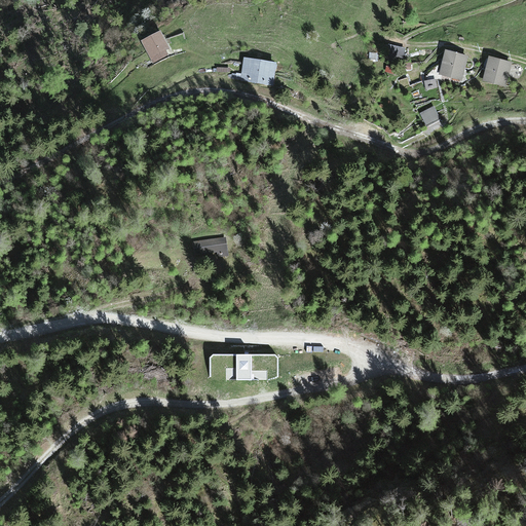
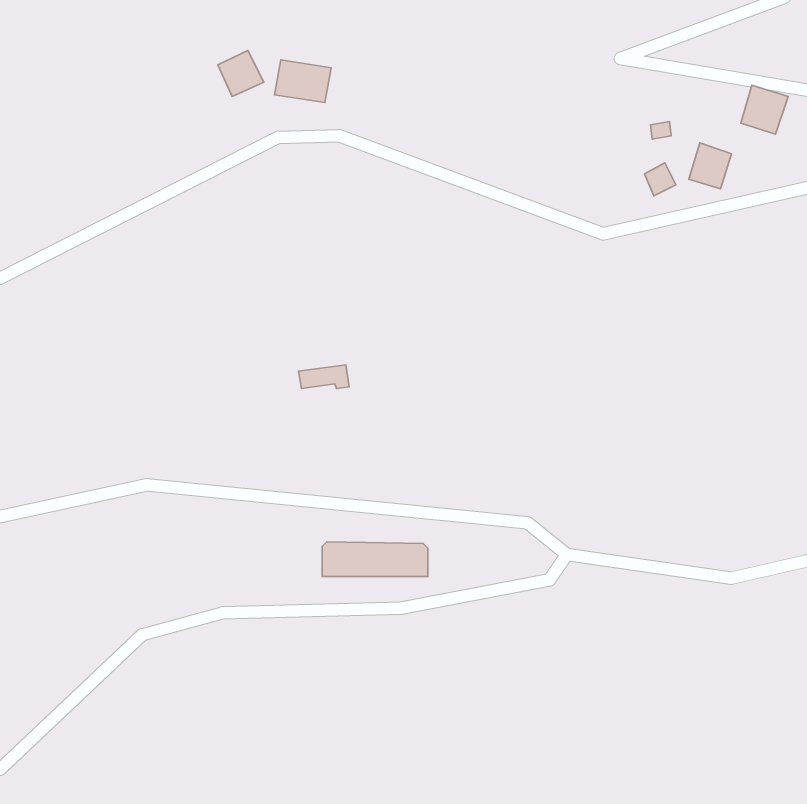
building: [440,50,467,80] -> [689,143,731,189]
building: [240,59,277,86] -> [274,60,331,103]

